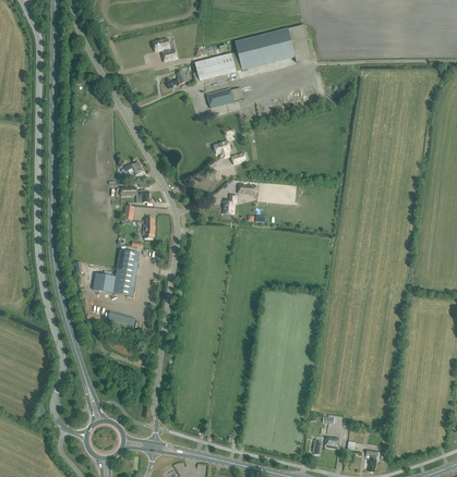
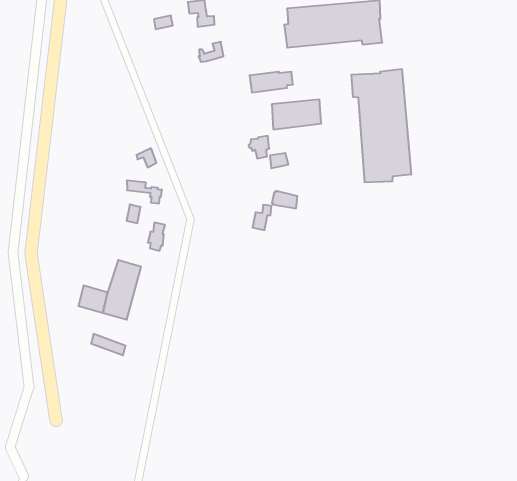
building: [193,53,233,81] -> [272,100,321,129]
building: none -> [352,69,411,182]

